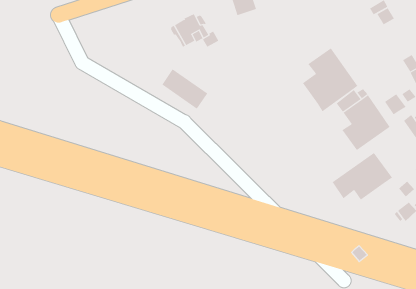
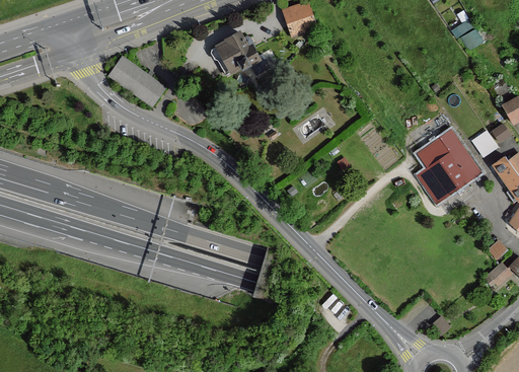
building: [302,48,358,112] -> none
building: [161,69,208,109] -> [109,56,166,105]
building: [332,152,393,200] -> none

